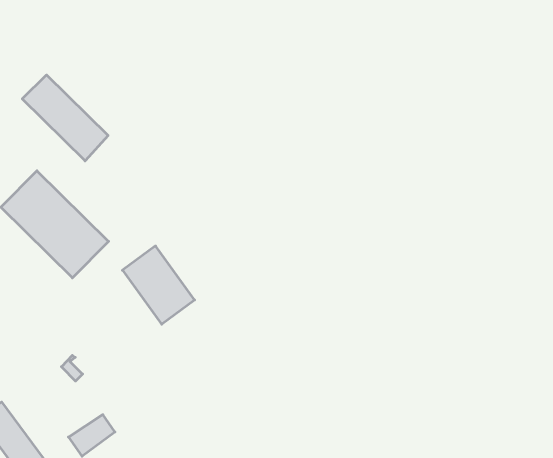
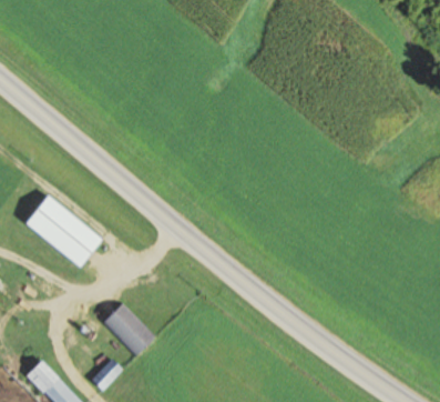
building: [22,75,108,161] -> none
building: [122,246,195,324] -> [103,302,156,356]

